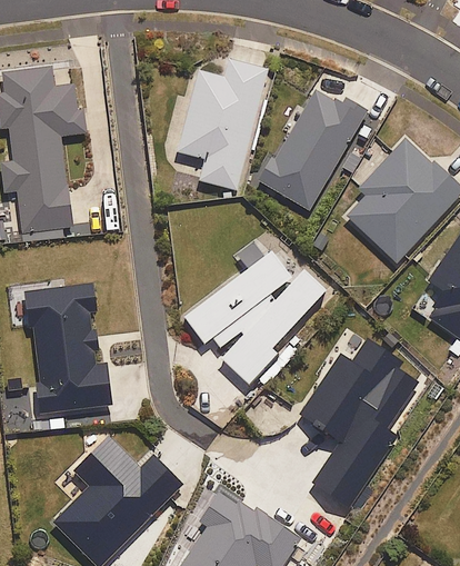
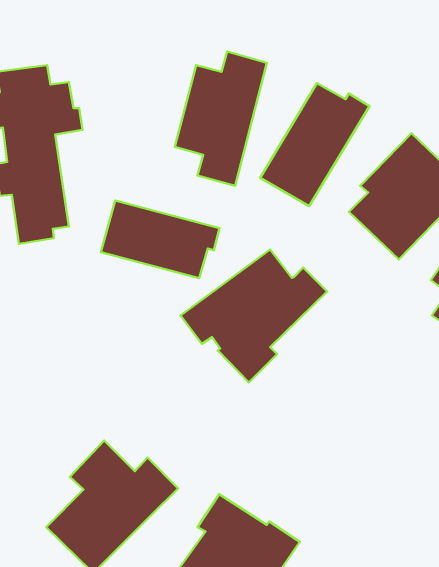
building: none -> [101,201,220,278]
building: [27,288,114,417] -> none
building: [299,340,420,505] -> none

